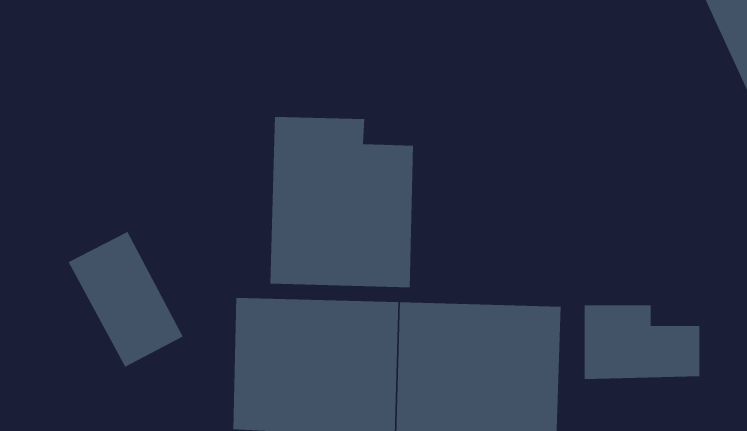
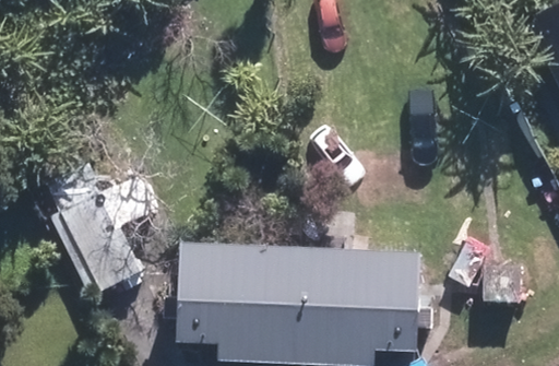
building: [269,116,414,288] -> none

